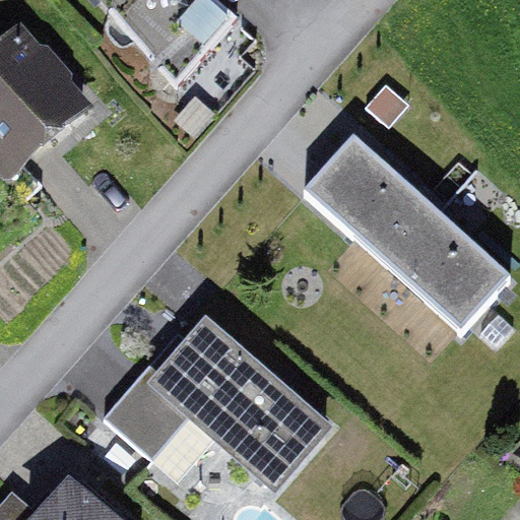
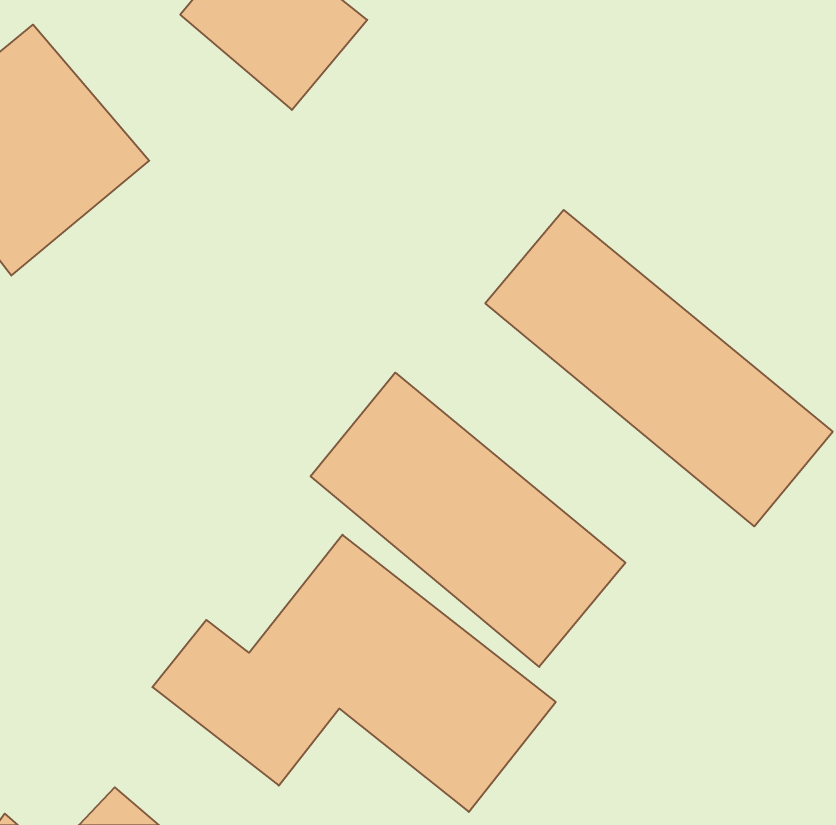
building: none -> [311,373,625,667]

